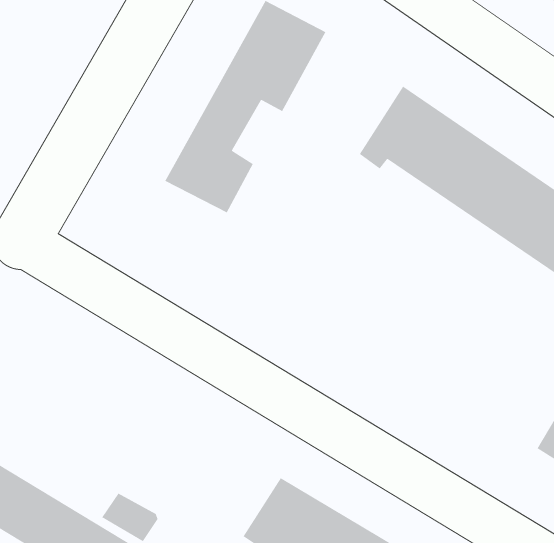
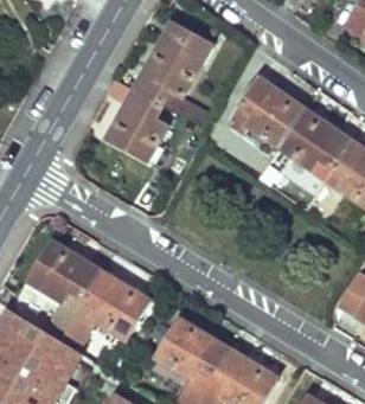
building: none -> [27,245,148,341]

